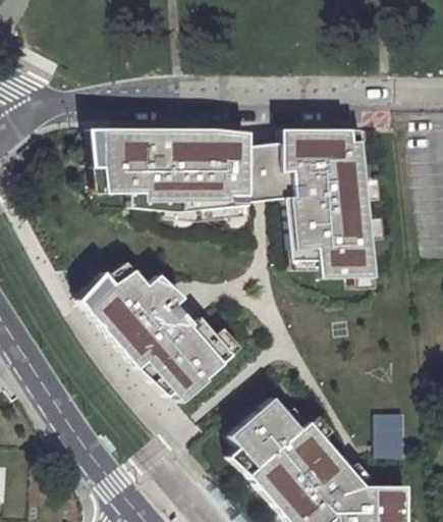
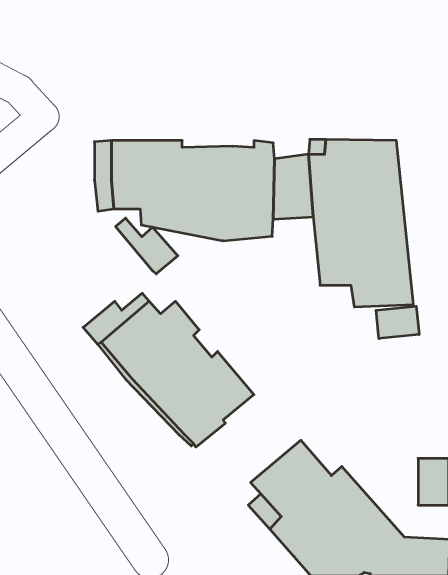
building: none -> [116,218,178,274]
building: none -> [376,306,419,339]

